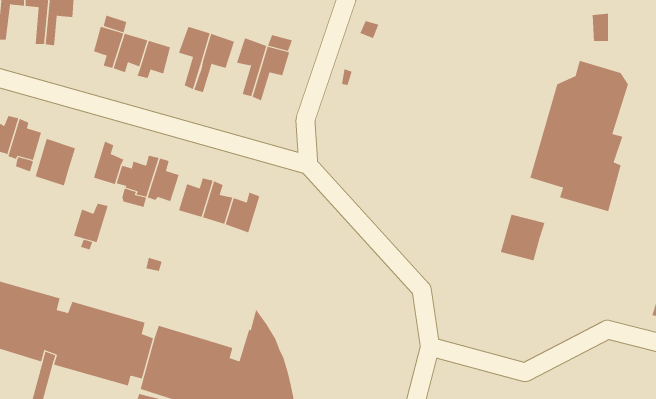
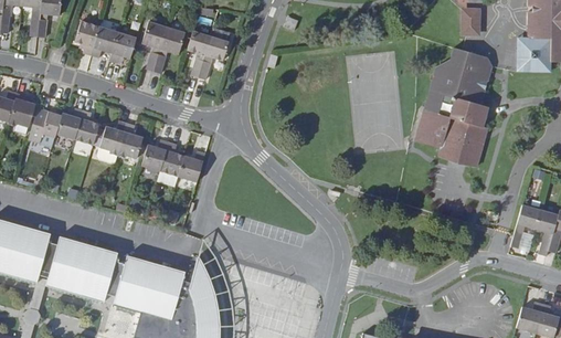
building: [73,203,109,243] -> [56,108,84,139]
building: [500,214,545,261] -> none

